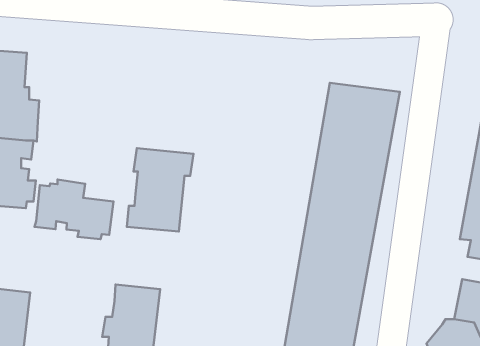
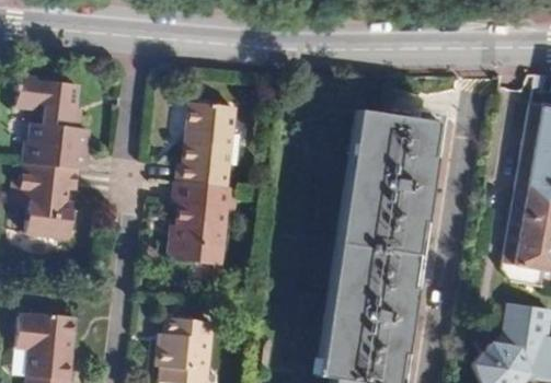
building: none -> [181,98,233,182]
building: [35,180,114,239] -> none

